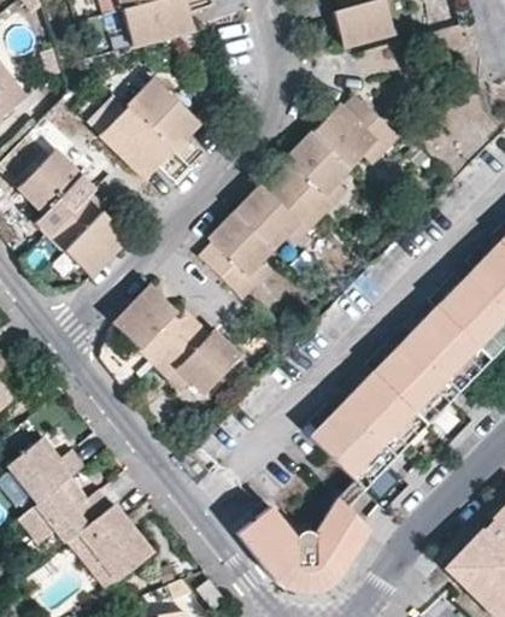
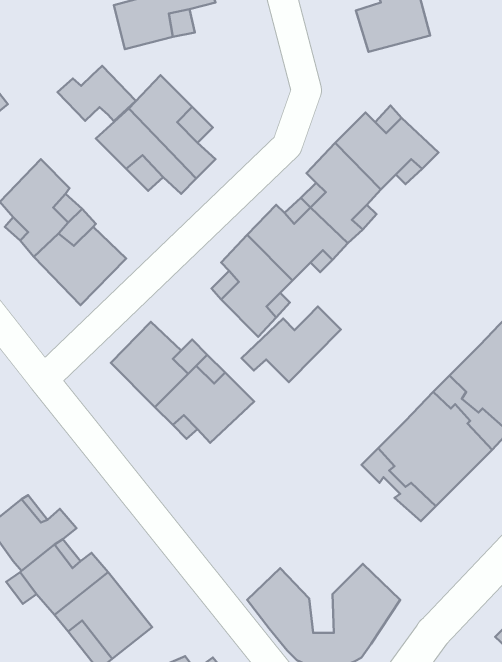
building: none -> [58,66,136,121]
building: none -> [242,307,341,382]
building: [310,411,386,487] -> none

